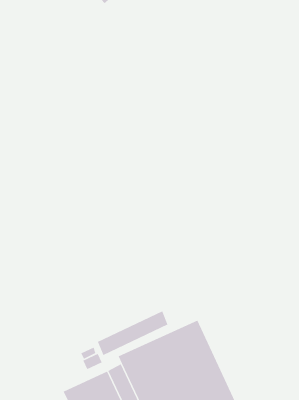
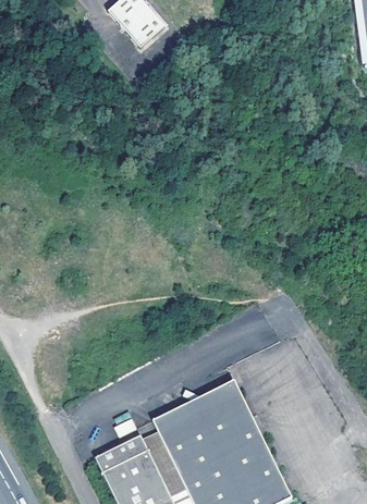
building: [97,311,168,356] -> none

